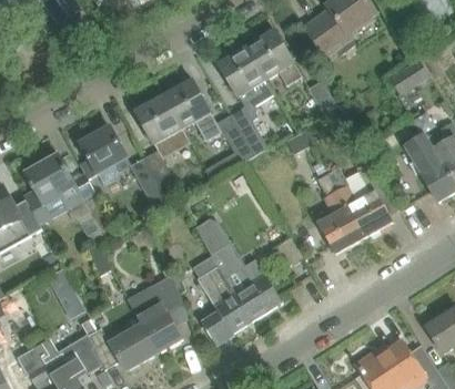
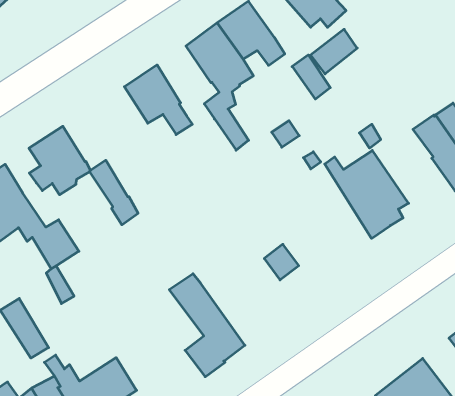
building: [390,59,429,95] -> [311,29,357,74]
building: [135,95,190,186] -> none
building: [215,114,255,163] -> none
building: [317,172,365,253] -> none
building: [195,218,282,320] -> none
building: [128,274,183,352] -> none

